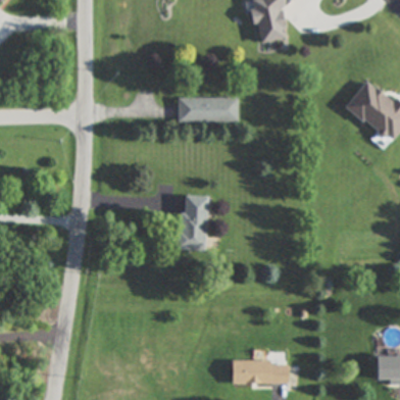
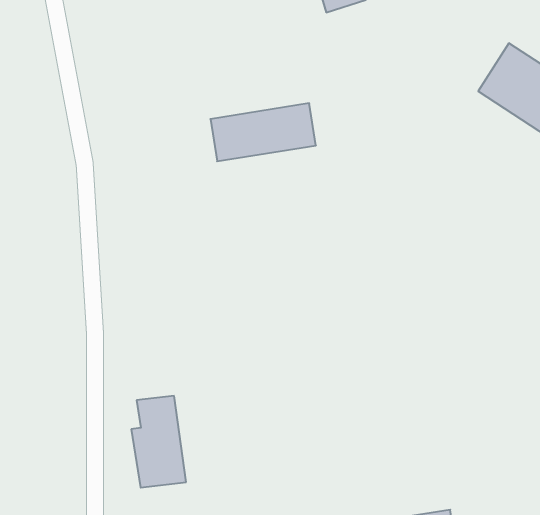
building: [179,195,208,250] -> [131,396,186,488]

